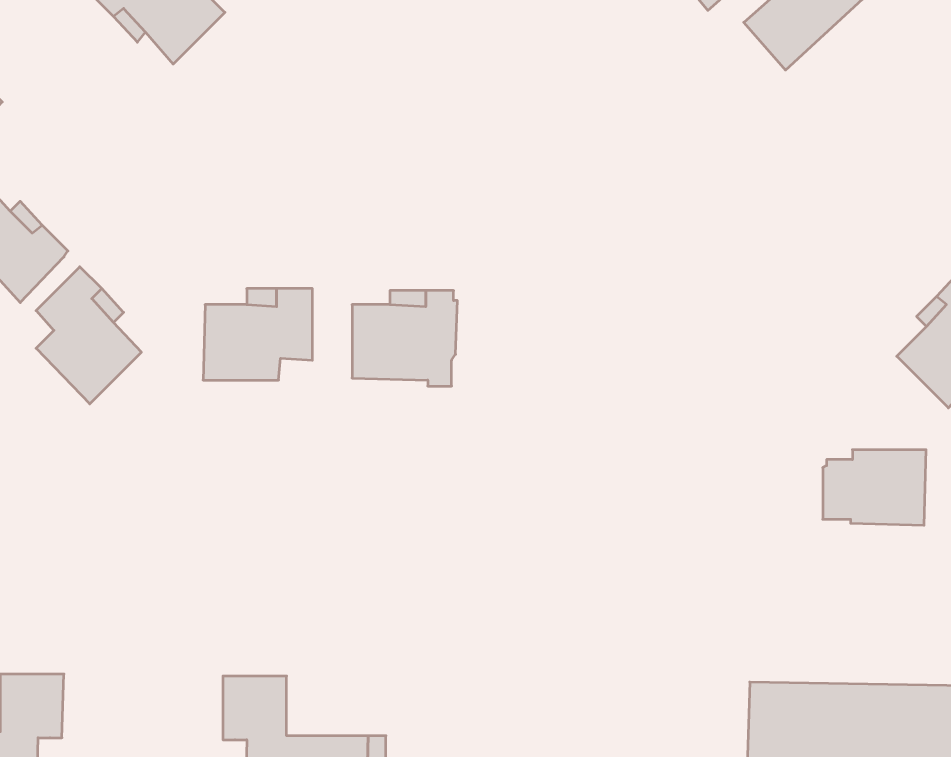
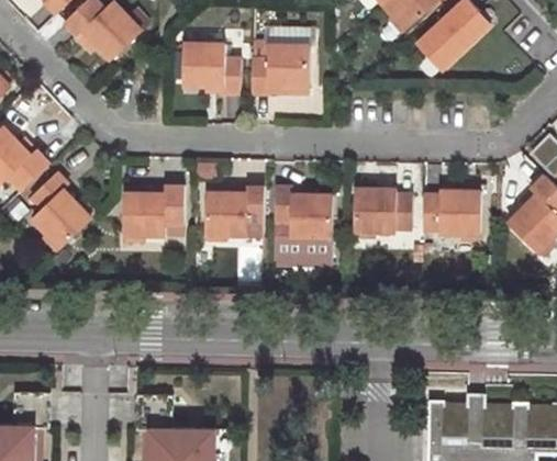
building: none -> [183,45,241,94]
building: none -> [249,46,308,94]
building: none -> [275,187,333,263]
building: none -> [354,189,411,231]
building: [823,450,926,525] -> [422,190,479,232]

